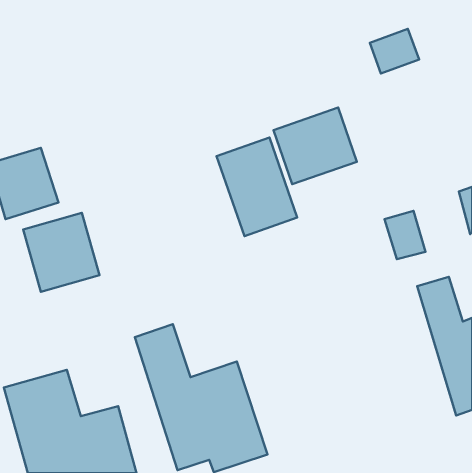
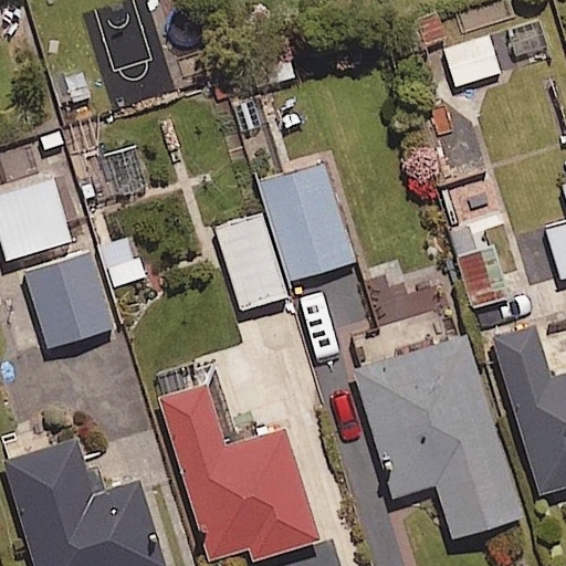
building: [274,108,357,184] -> none
building: none -> [216,214,283,310]
building: none -> [358,338,522,539]

